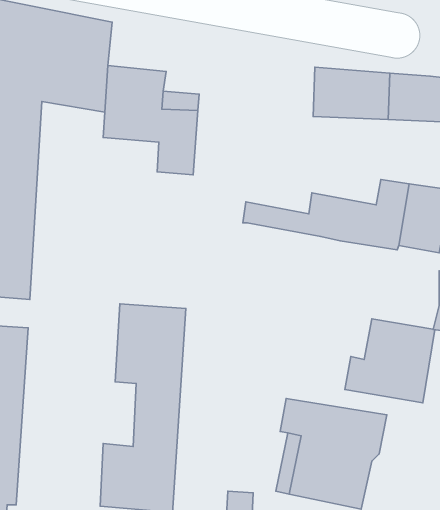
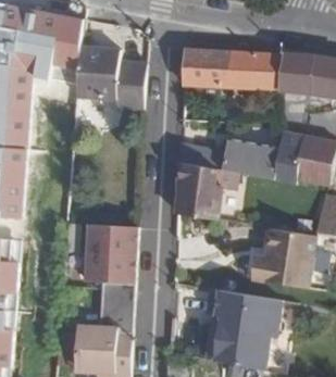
building: none -> [184,47,231,86]
building: none -> [176,163,235,223]

